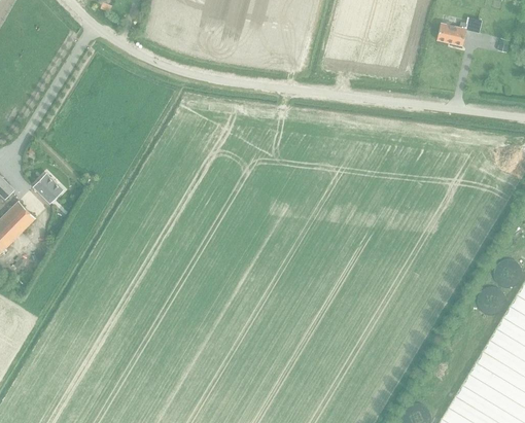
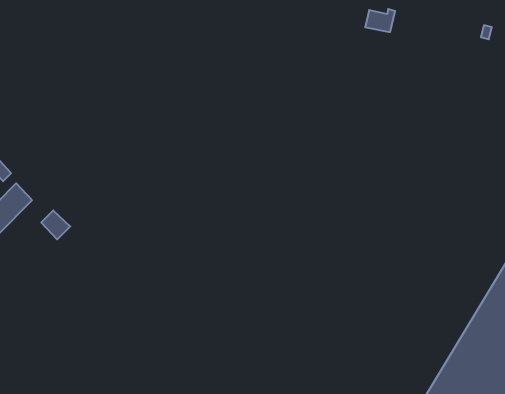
building: [436,23,467,46] -> [365,9,395,32]
building: [33,175,63,205] -> [41,210,70,239]

